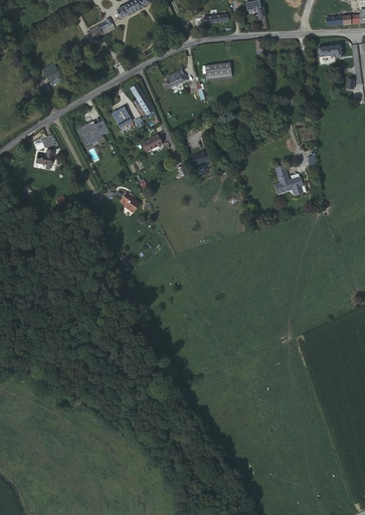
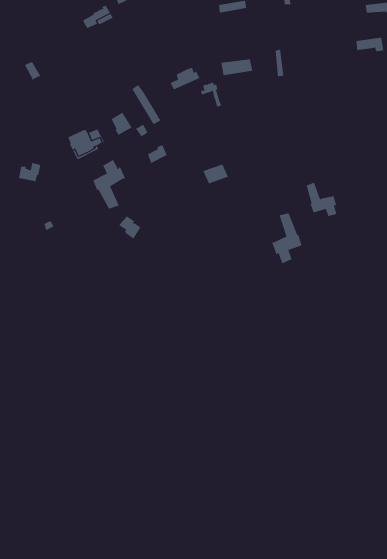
building: none -> [92,159,126,210]
building: none -> [272,212,302,264]

